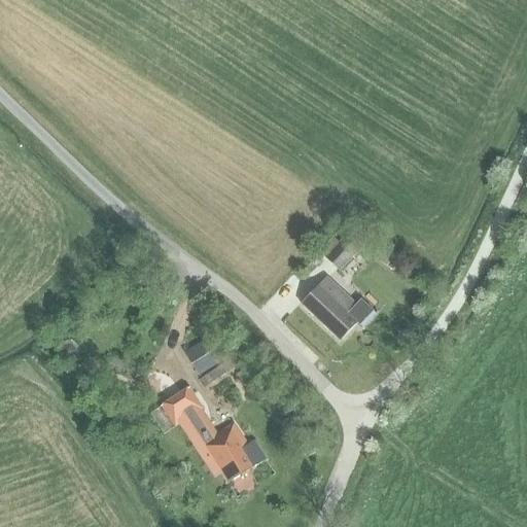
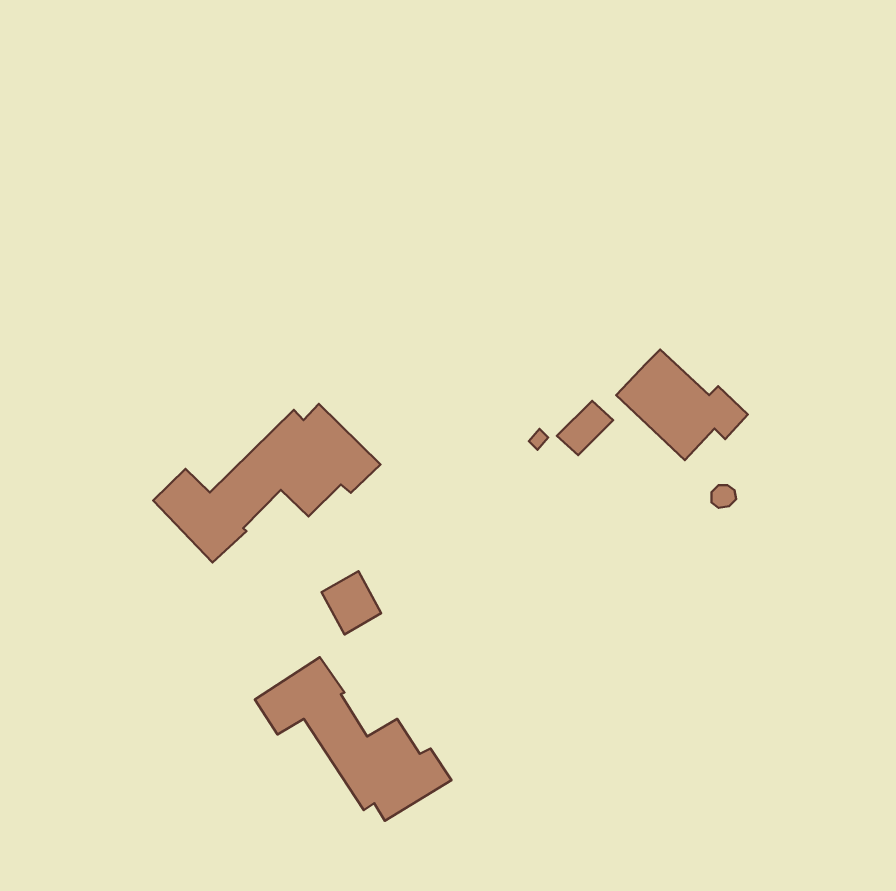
building: none -> [153,404,380,562]
building: [302,275,379,340] -> [616,349,748,460]

